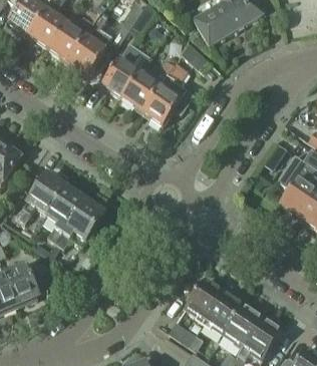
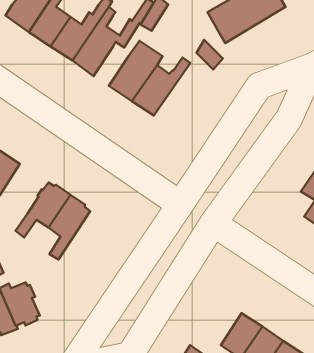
building: [142,65,186,125] -> none
building: [47,199,104,258] -> none
building: [184,279,223,321] -> none

